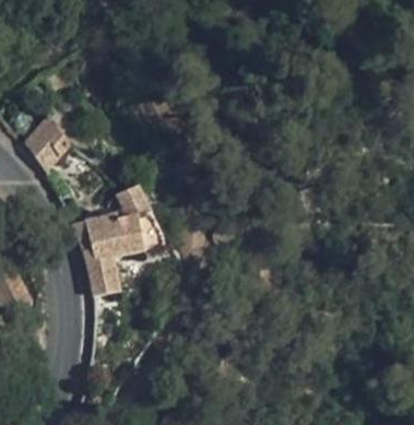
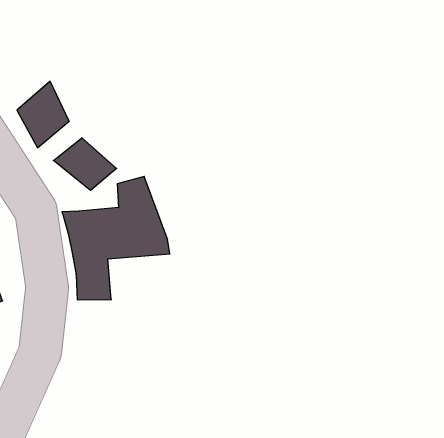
building: none -> [53,138,117,190]

